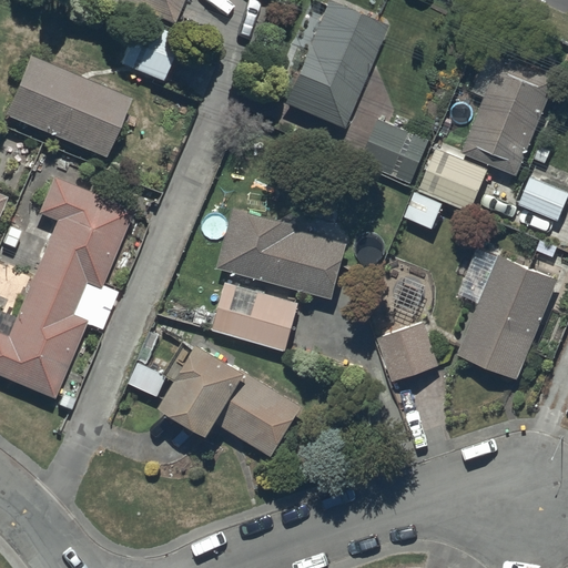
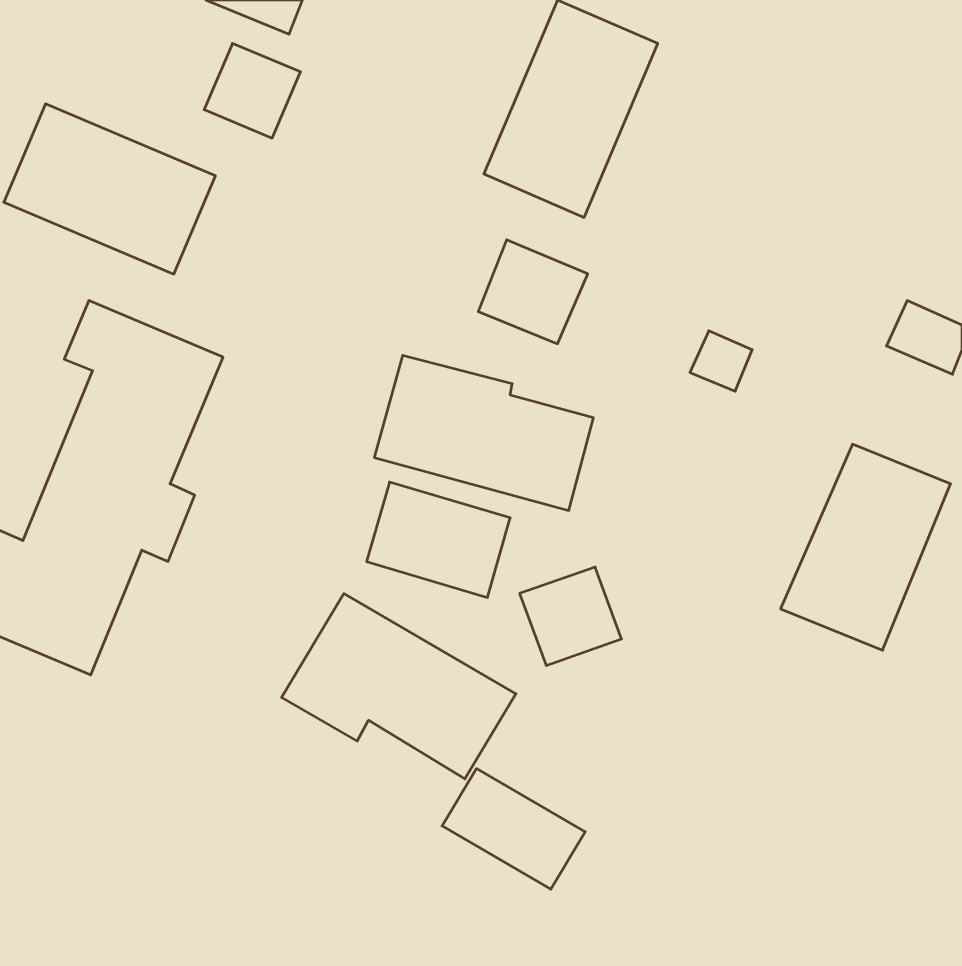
building: [460,47,554,164] -> none
building: [362,122,426,183] -> [478,240,588,344]
building: [420,150,487,210] -> none
building: [379,323,439,381] -> [520,567,622,665]
building: none -> [442,769,585,889]

